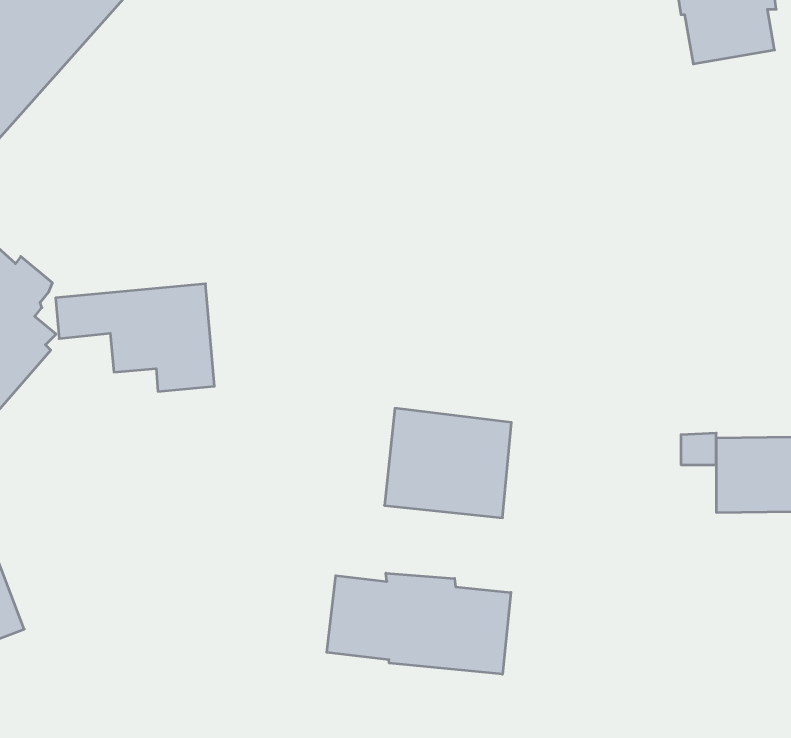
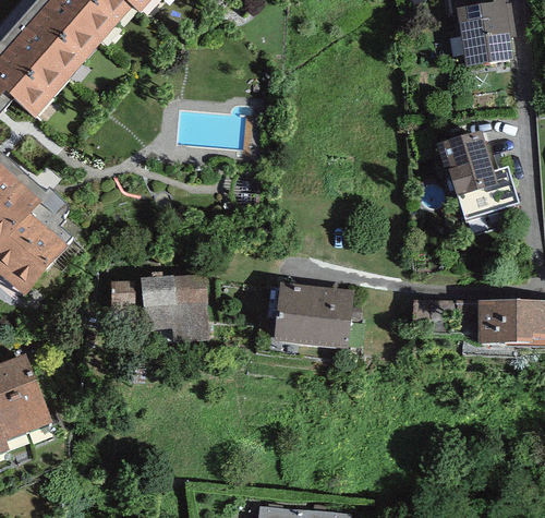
building: none -> [436,132,519,224]
building: [56,284,214,391] -> [111,274,209,340]
building: [327,573,511,674] -> none

